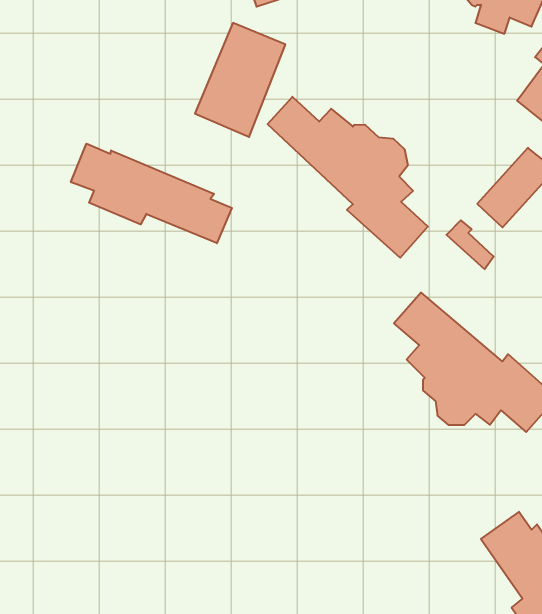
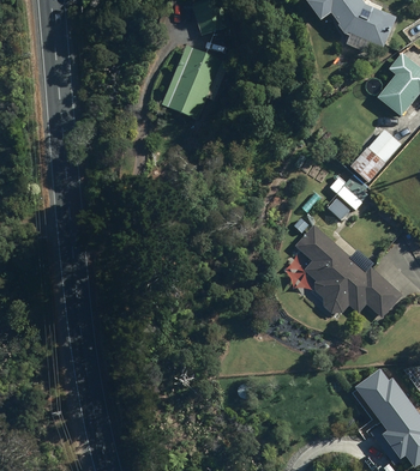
building: [268,97,428,258] -> none
building: [71,144,232,243] -> none

